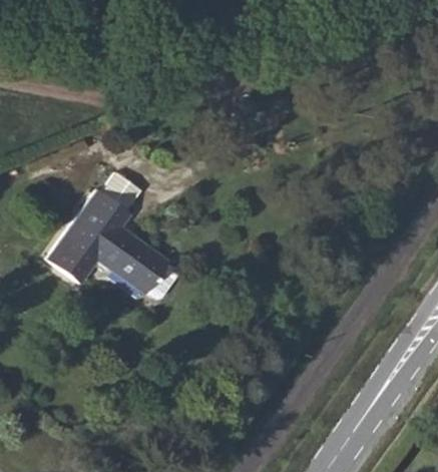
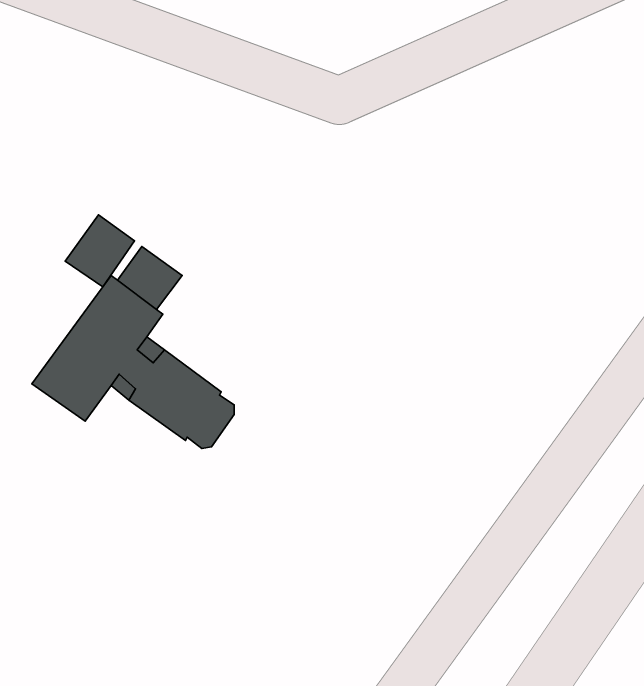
building: none -> [65,215,135,287]

